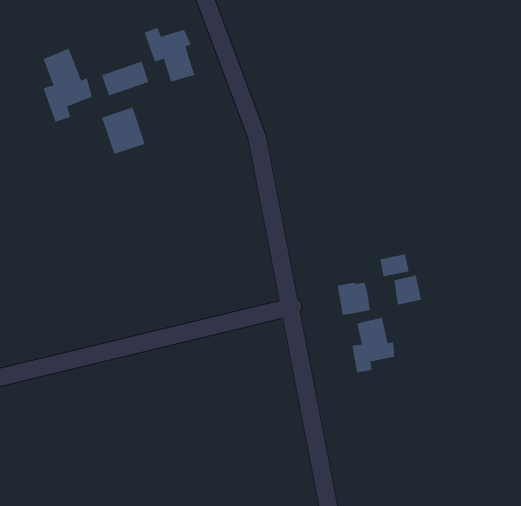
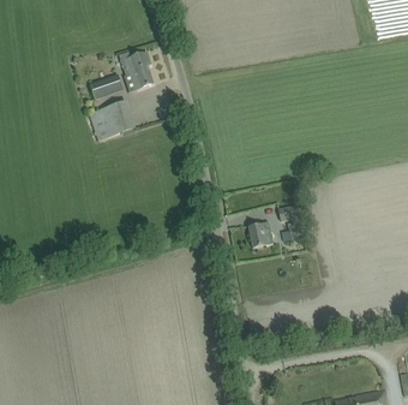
building: [43,48,92,123] -> none
building: [352,317,395,373] -> none

